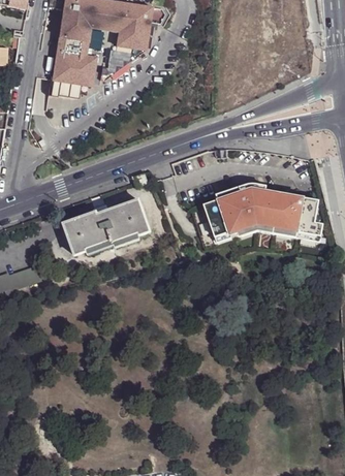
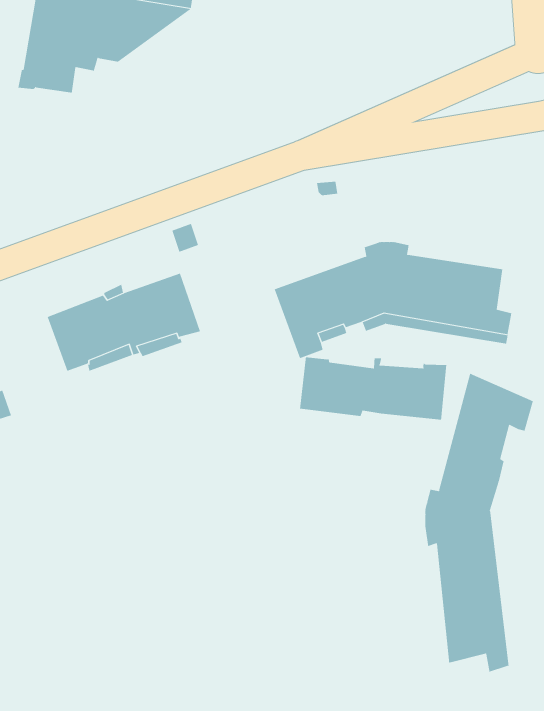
building: none -> [299,357,447,420]
building: none -> [425,373,533,672]

